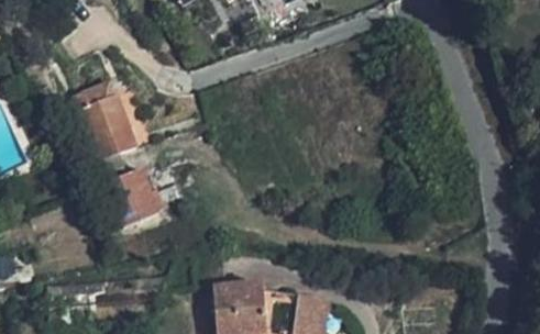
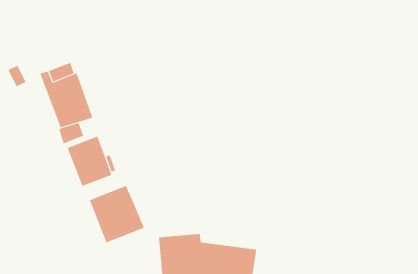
building: none -> [89,185,145,243]

